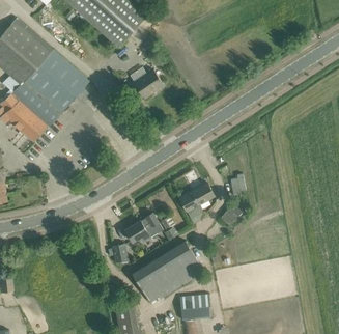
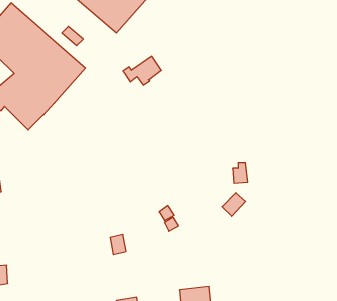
building: [179,183,214,211] -> none
building: [124,213,162,242] -> none
building: [132,241,203,302] -> none

